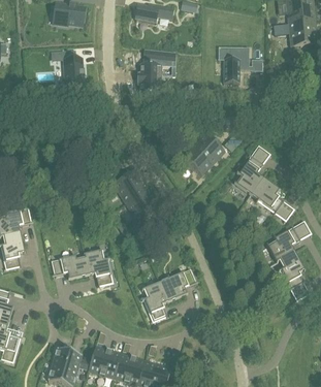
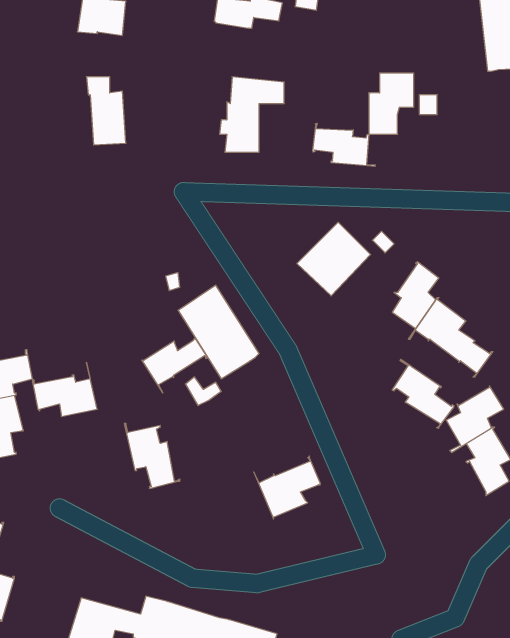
building: none -> [313,123,375,166]
building: none -> [142,339,208,393]
building: none -> [392,359,454,428]
building: [51,248,88,279] -> [32,362,97,416]
building: [140,276,167,321] -> none

